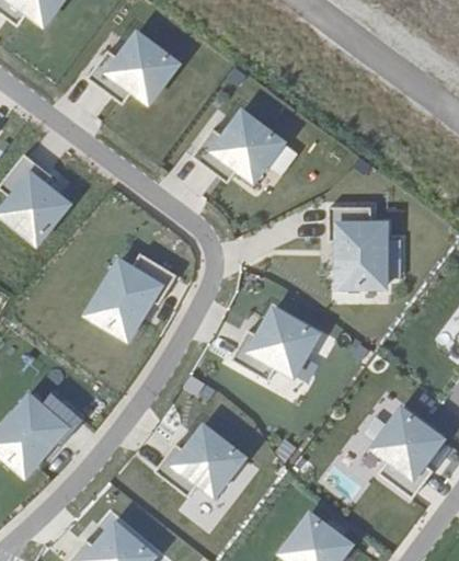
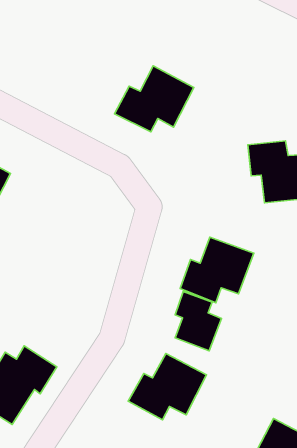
building: [90,32,180,103] -> none
building: [93,259,169,335] -> none
building: none -> [175,292,222,351]

